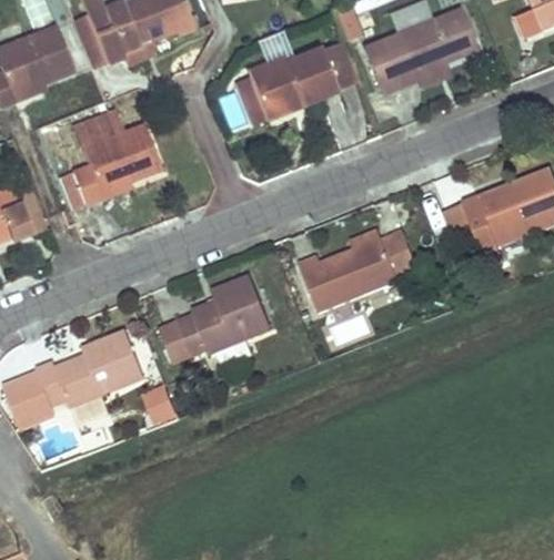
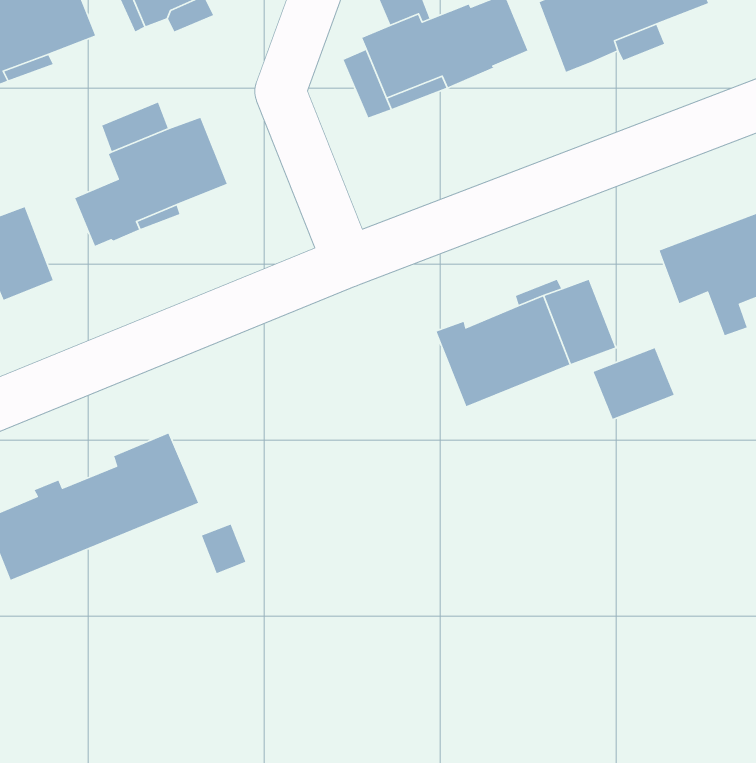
building: none -> [593,347,675,420]
building: [160,275,270,363] -> none

